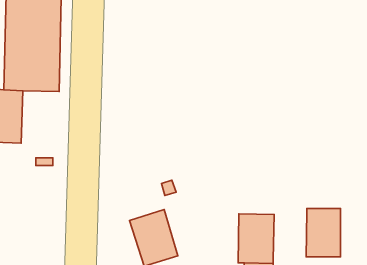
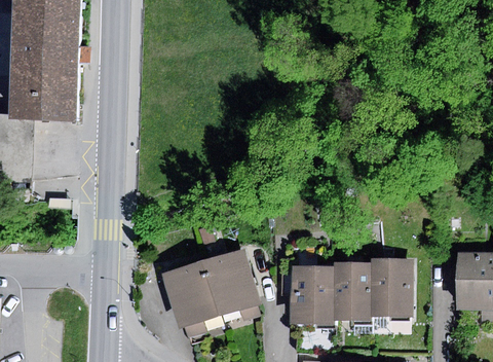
building: none -> [201,247,260,315]
building: none -> [332,261,372,320]

